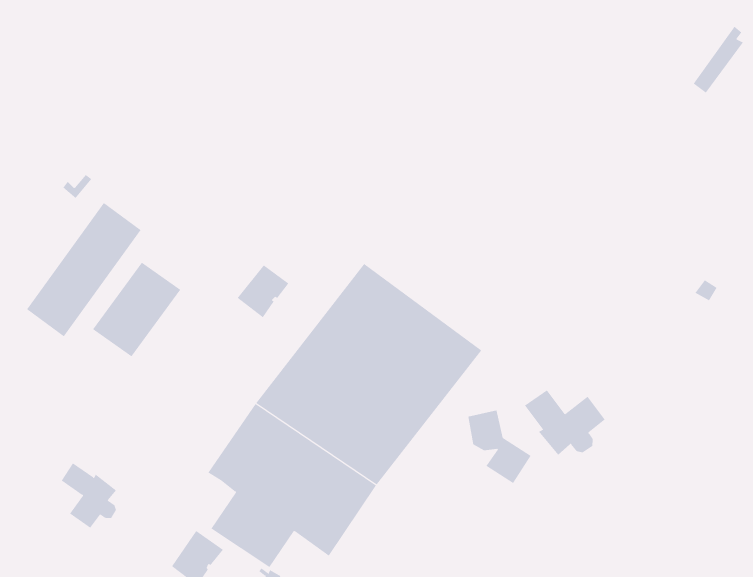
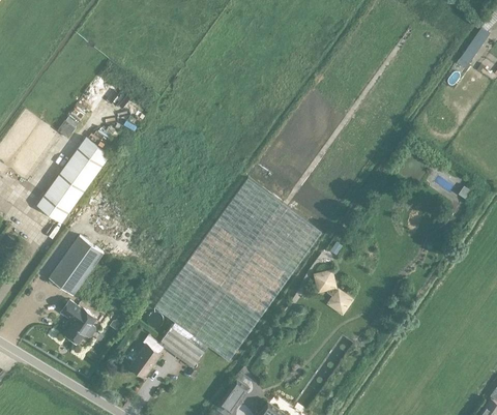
building: [92,262,181,357] -> [48,236,104,296]
building: [237,264,289,318] -> none
building: [524,389,606,455] -> none

